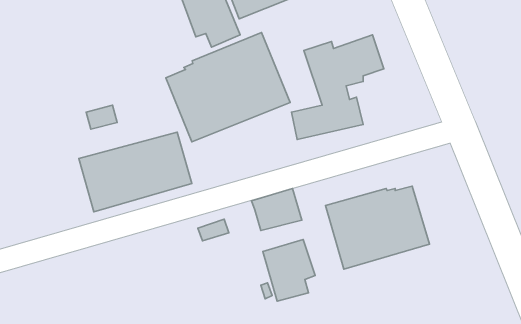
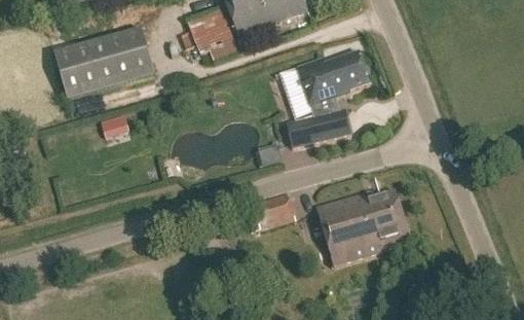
building: [166,32,290,142] -> none
building: [79,132,192,212] -> [53,27,155,99]
building: [263,239,315,301] -> none

